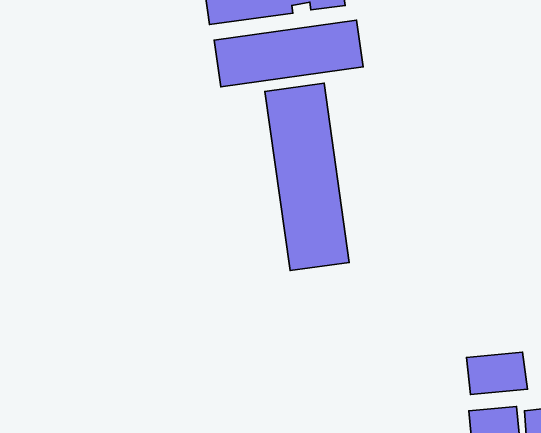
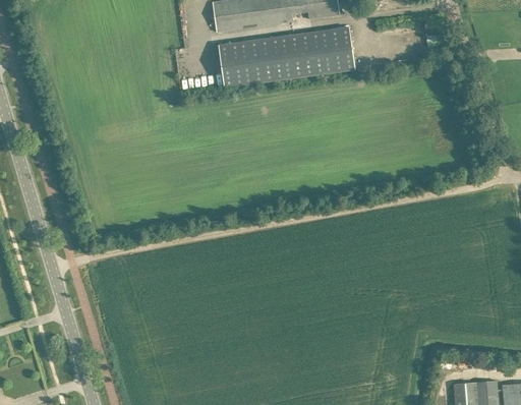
building: [265,83,349,271] -> none
building: [467,352,527,395] -> none

